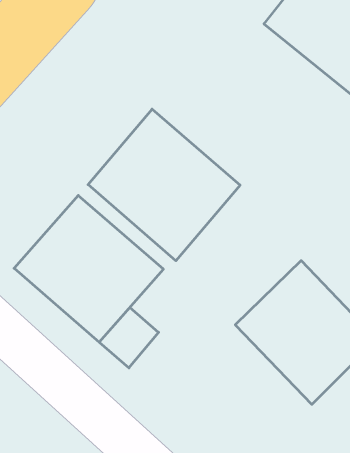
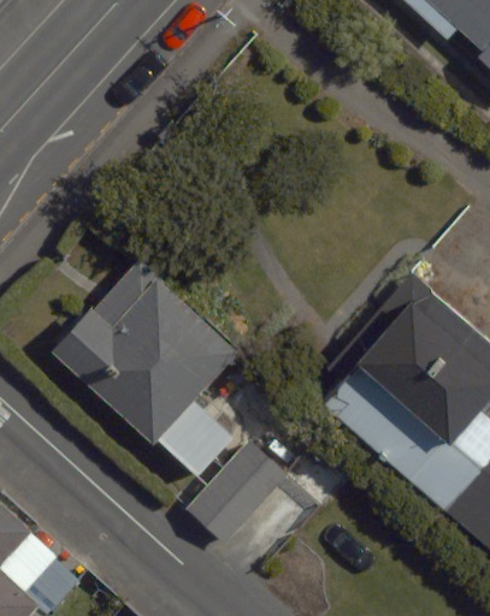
building: [88,109,240,261] -> none
building: none -> [195,427,299,534]

